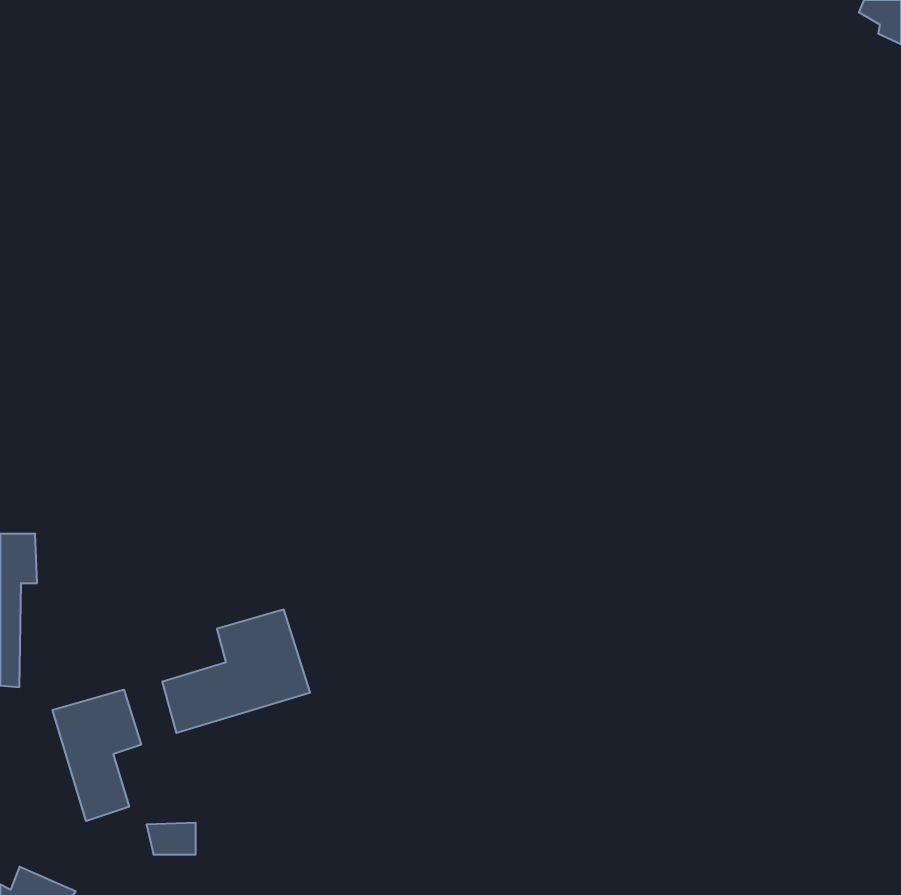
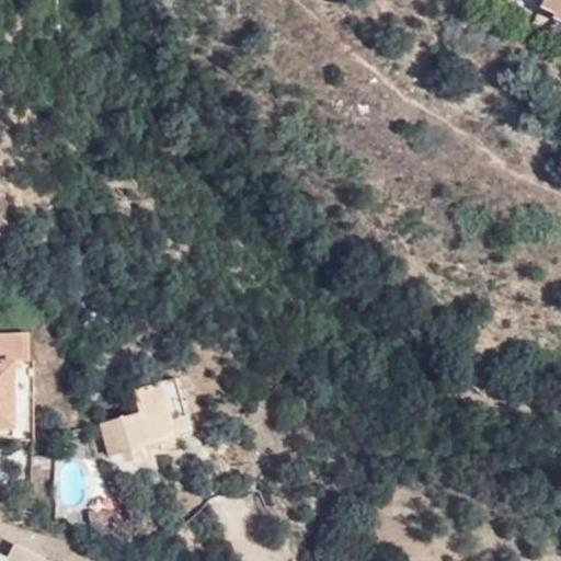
building: [53,690,141,821] -> none

